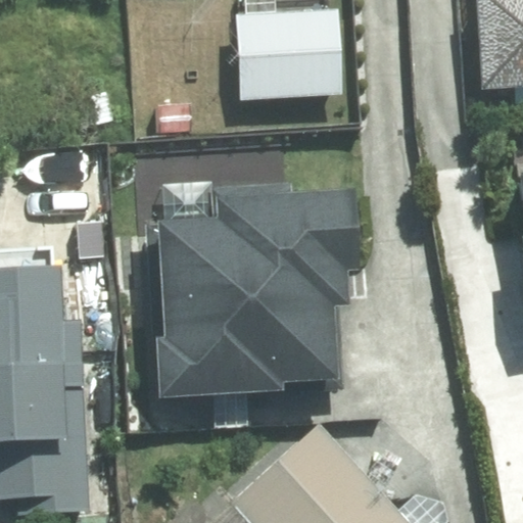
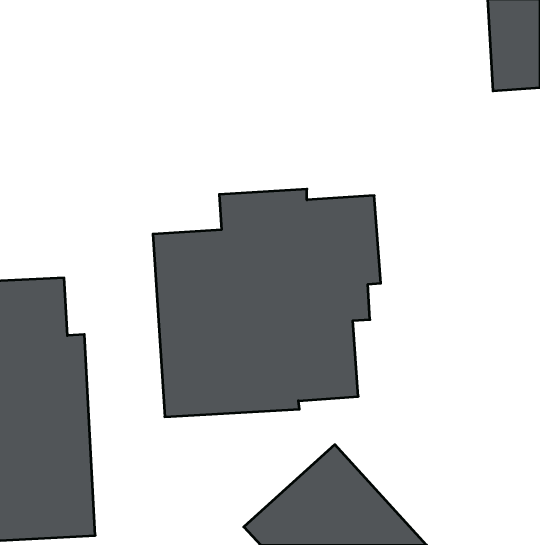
building: [238,11,339,98] -> none

